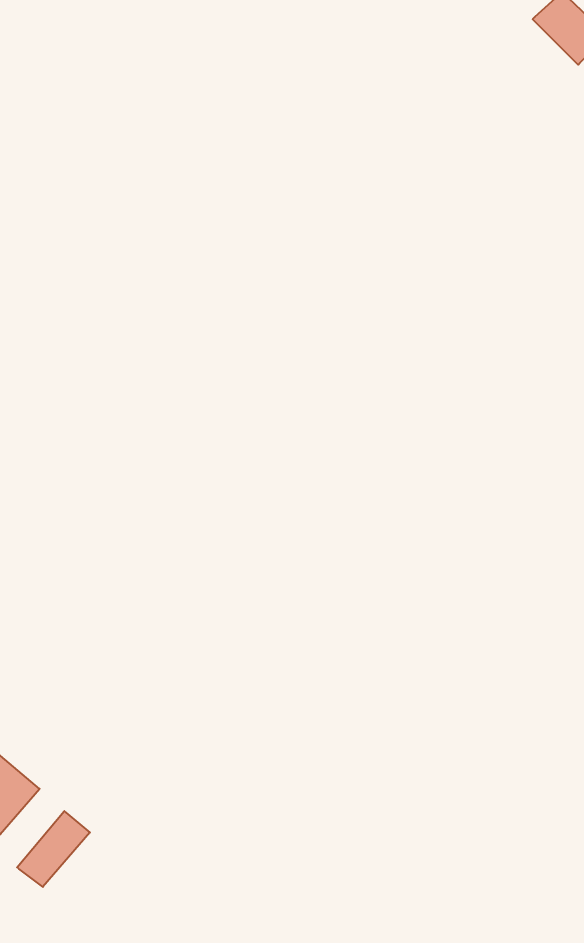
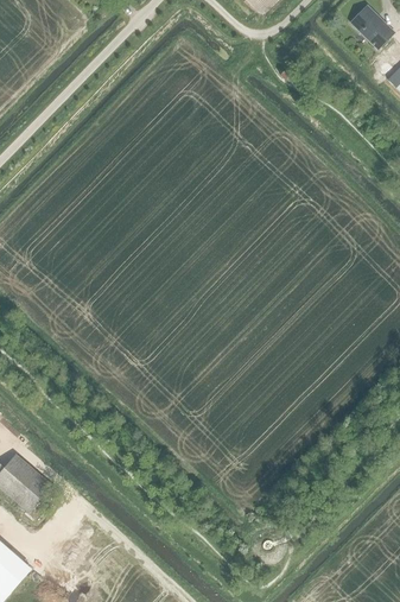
building: [17,811,90,887] -> none

